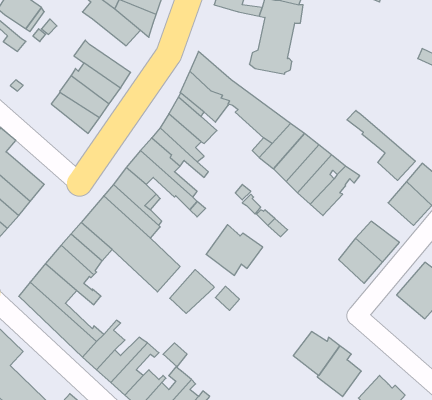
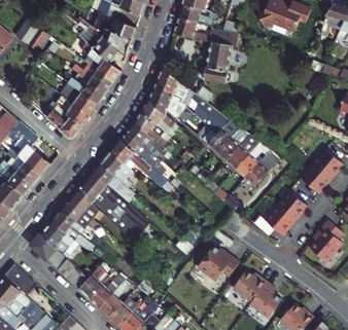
building: none -> [81,43,121,82]
building: none -> [46,102,82,138]
building: [347,110,415,180] -> none
building: [206,225,263,275] -> [198,245,239,282]
building: [170,270,214,313] -> none

